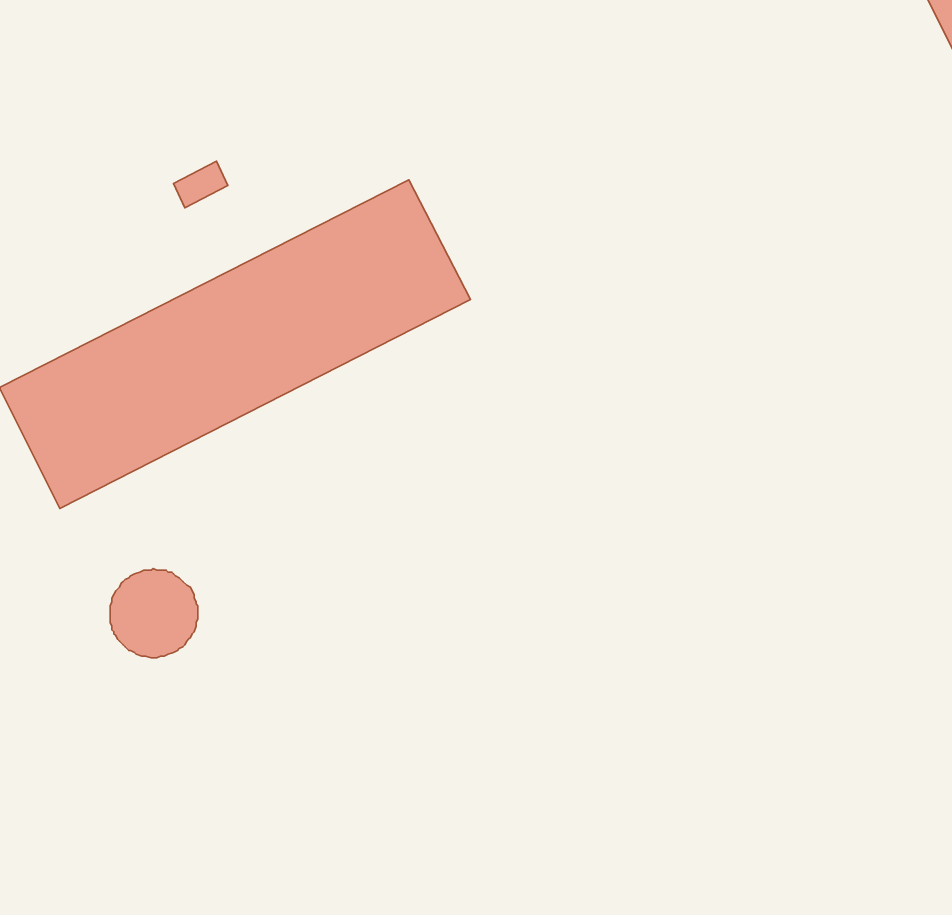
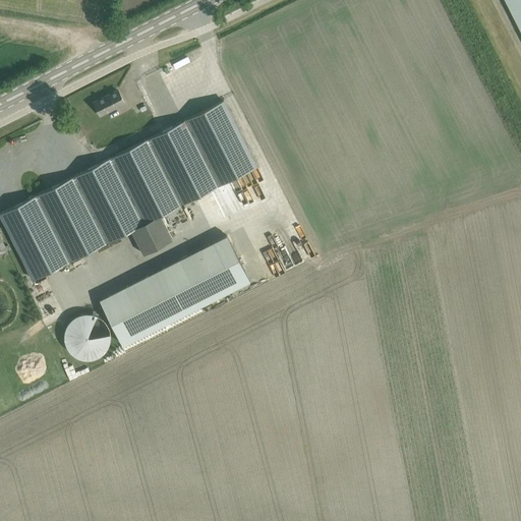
building: none -> [100,236,251,348]

